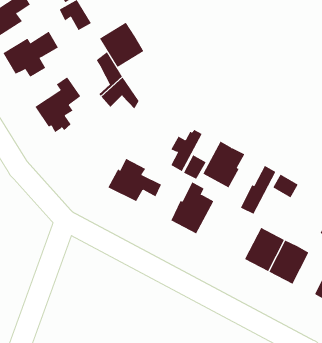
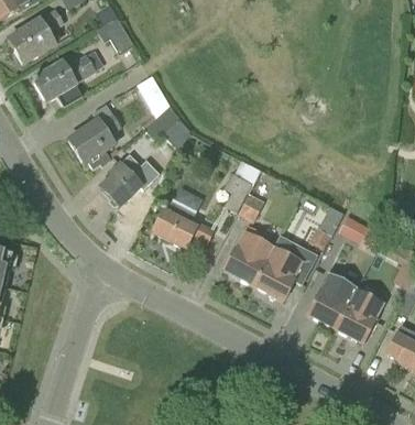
building: [99,22,144,68] -> none
building: none -> [100,153,159,217]
building: [203,141,245,188] -> [252,246,301,299]

